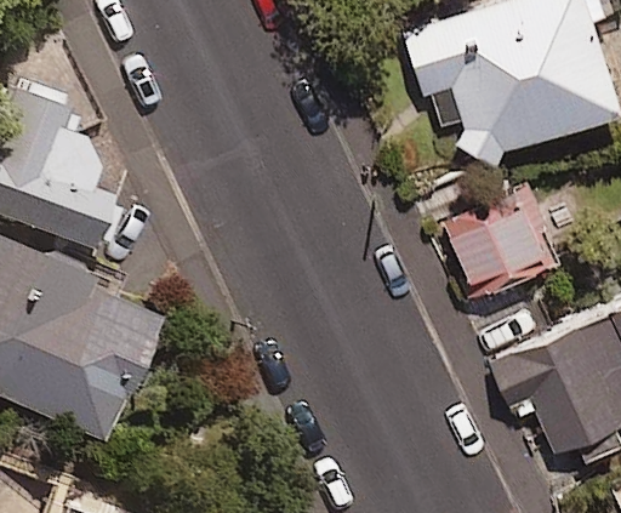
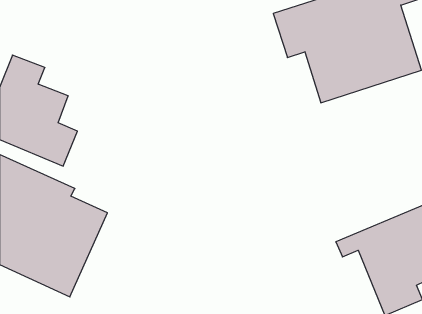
building: [440,184,556,292] -> none

